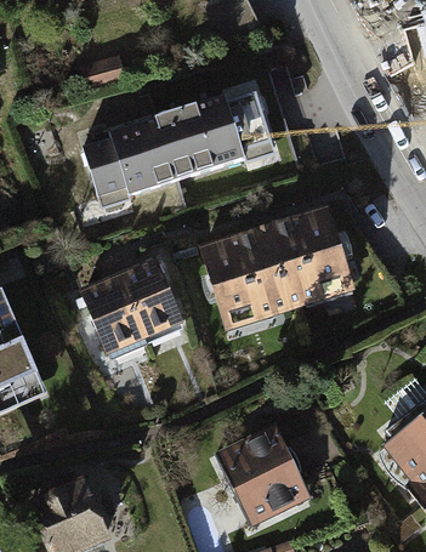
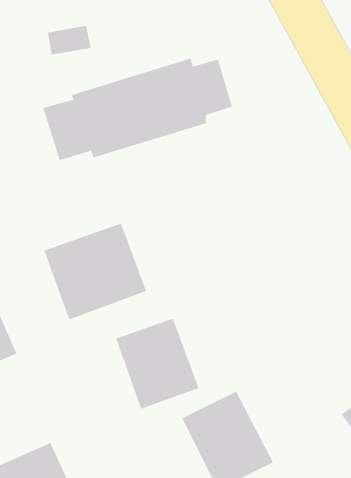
building: [200,209,354,331] -> none
building: none -> [116,318,199,410]

